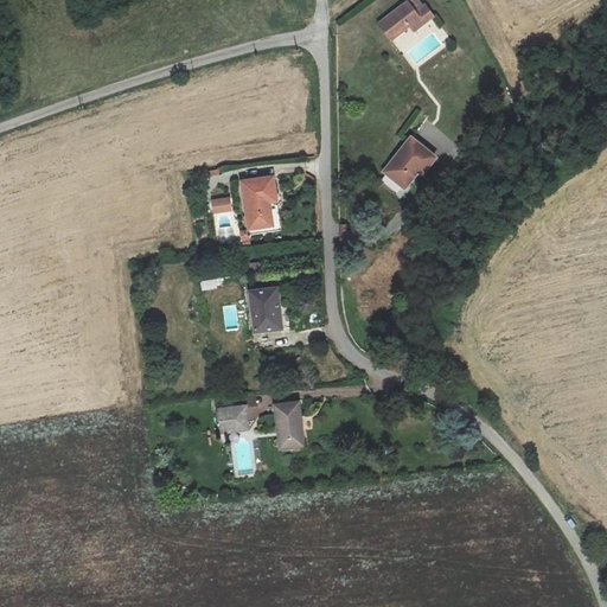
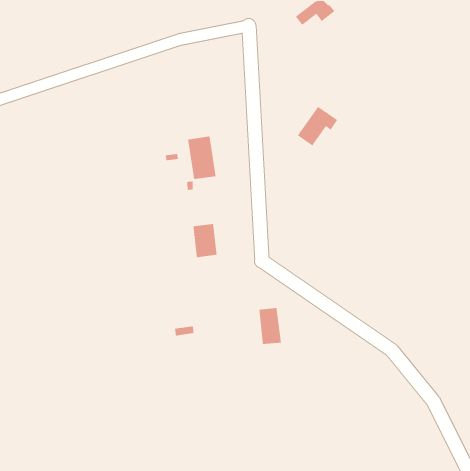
building: [274,402,304,451] -> [259,307,282,345]
building: [215,405,249,434] -> none

